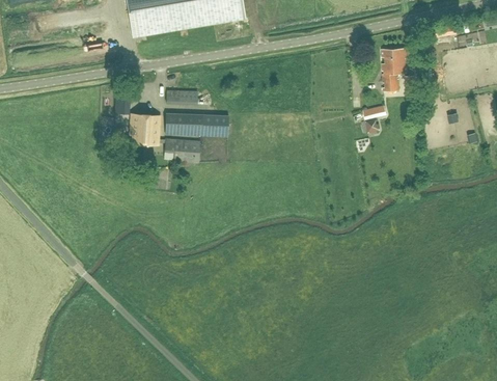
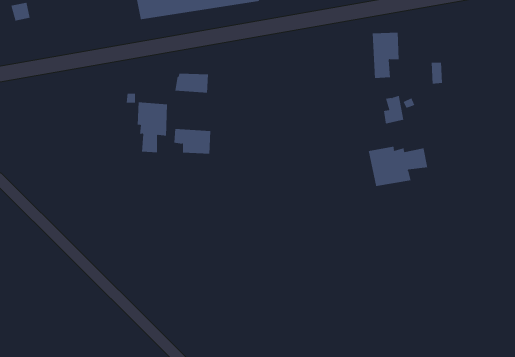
building: [381,48,407,91] -> [372,32,400,79]
building: [164,111,228,136] -> none
building: none -> [368,146,428,187]

